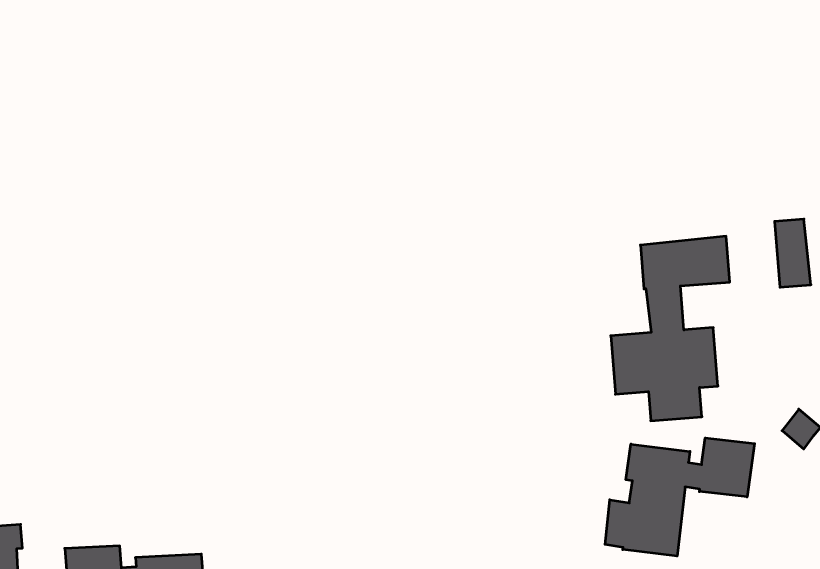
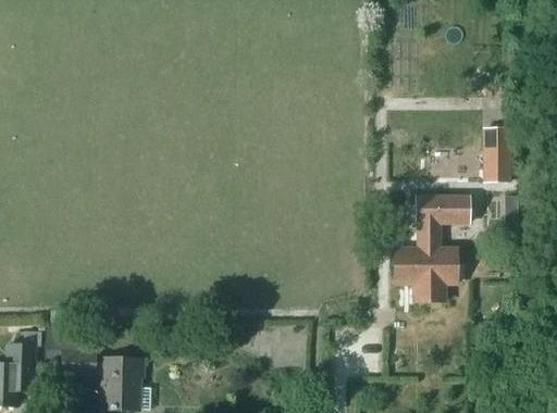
building: none -> [484,128,510,182]
building: [605,438,755,556] -> none

